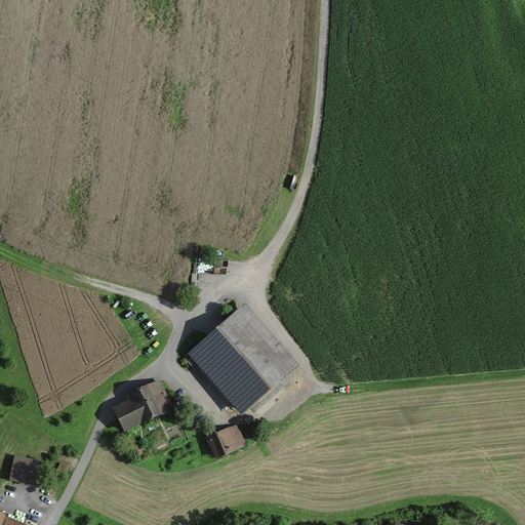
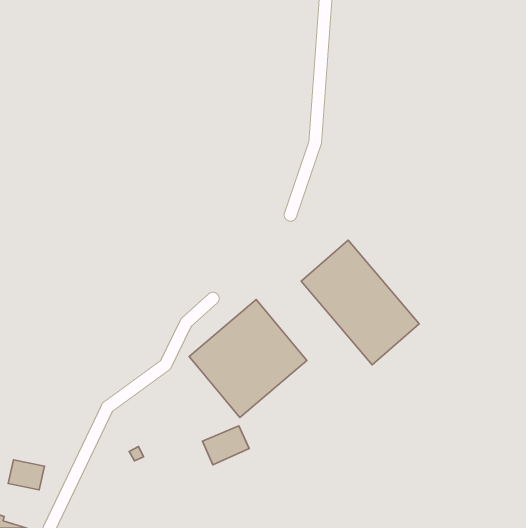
building: none -> [301,240,419,365]
building: [114,378,172,432] -> none

